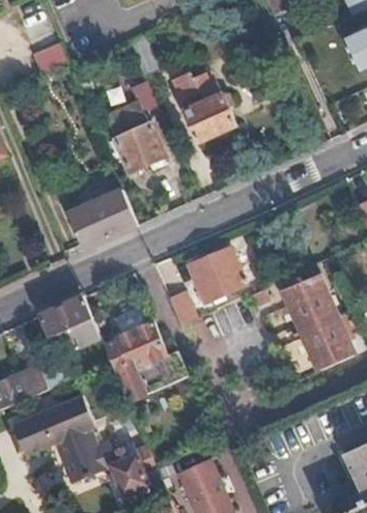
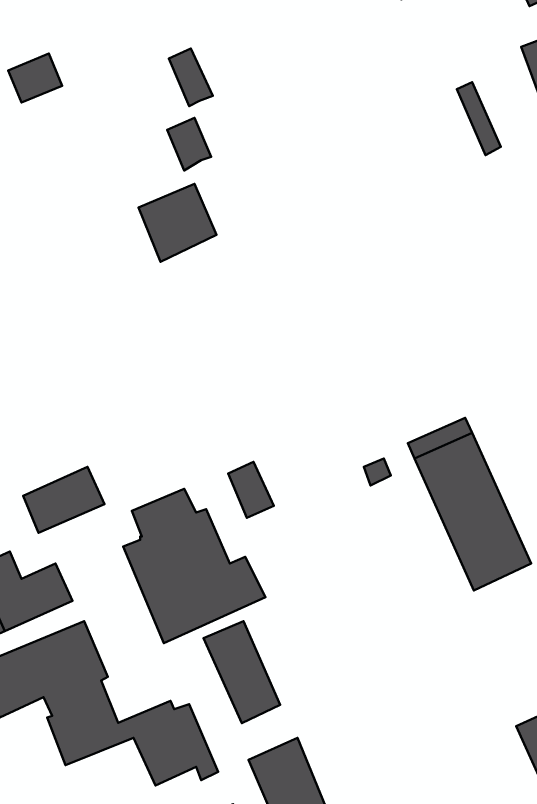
building: [170,68,233,137] -> none
building: [75,189,141,249] -> none
building: [188,248,244,302] -> none
building: none -> [204,621,280,723]

